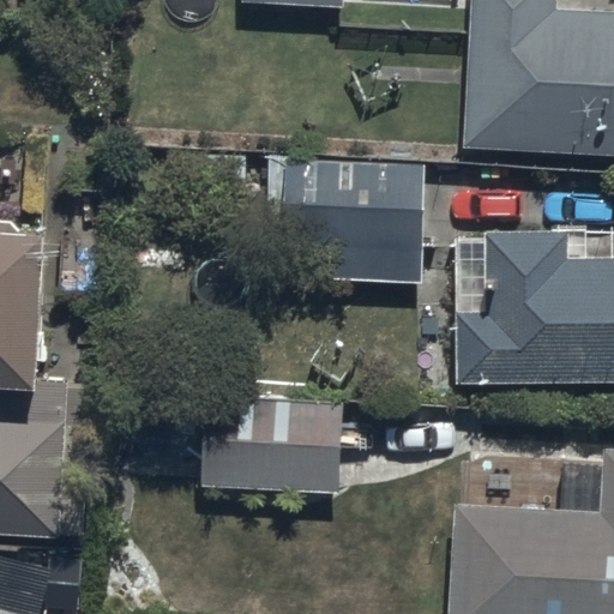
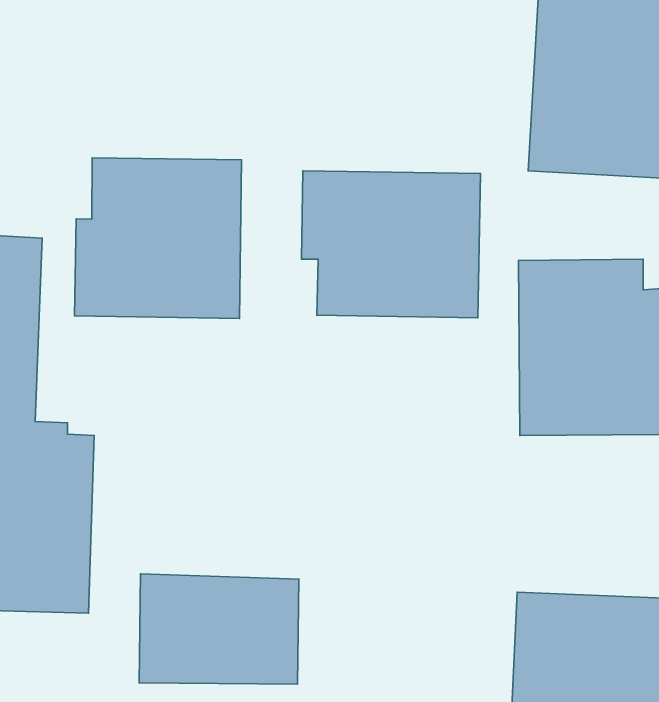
building: none -> [75,158,241,318]
building: [201,393,338,488] -> [139,574,299,684]

